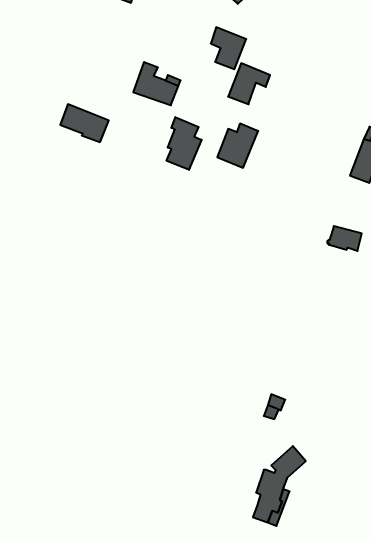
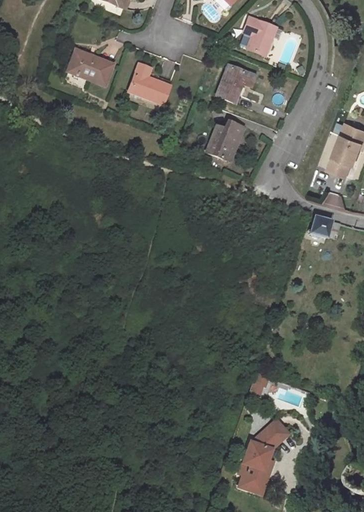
building: [211,27,246,69] -> [243,16,276,55]
building: [60,104,109,142] -> [68,49,113,84]
building: [167,117,202,170] -> none

